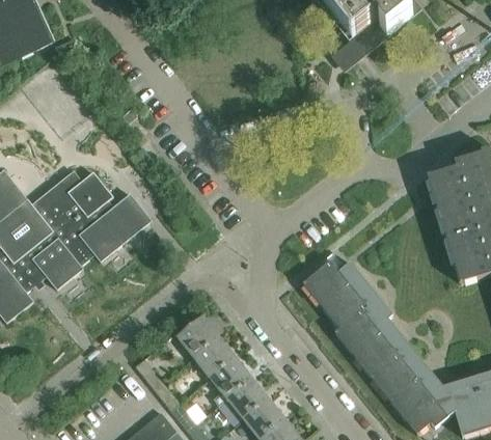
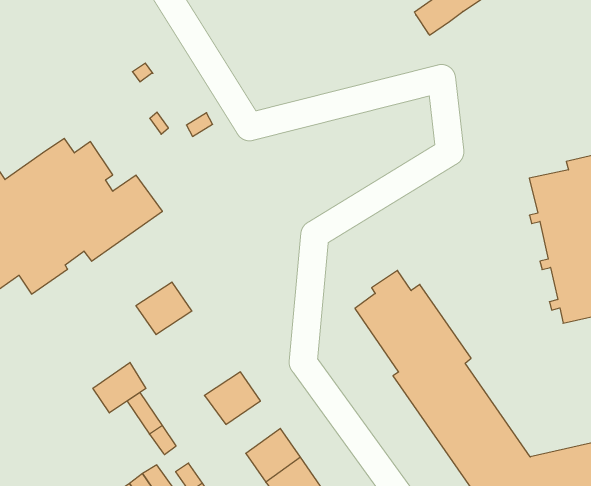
building: [176,315,219,356] -> [136,282,192,335]
building: none -> [93,362,146,413]
building: [211,357,252,405] -> none

